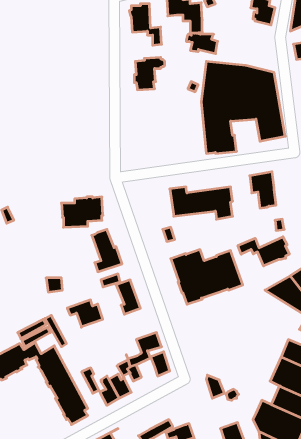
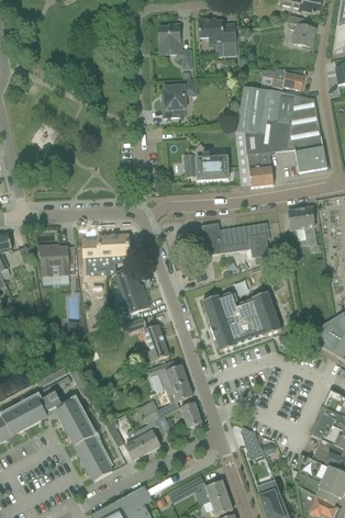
building: [186,33,218,54] -> [269,68,303,90]
building: none -> [183,144,227,181]
building: none -> [37,245,78,277]
building: [238,237,289,266] -> none
building: [67,300,103,327] -> [148,360,187,390]

